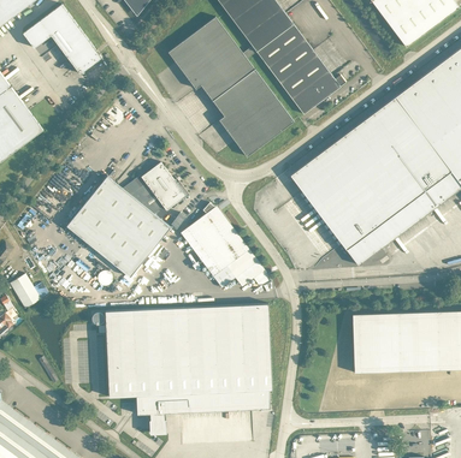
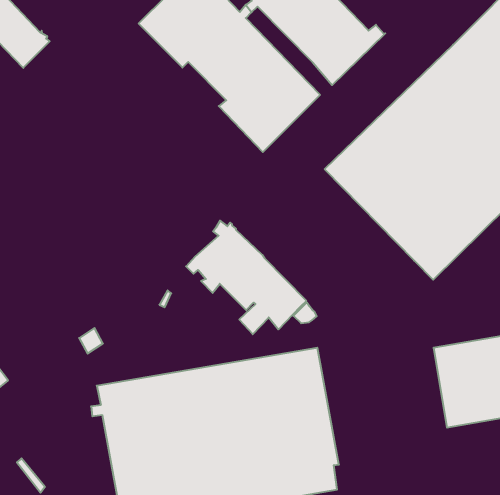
building: [67,162,189,278] -> none

